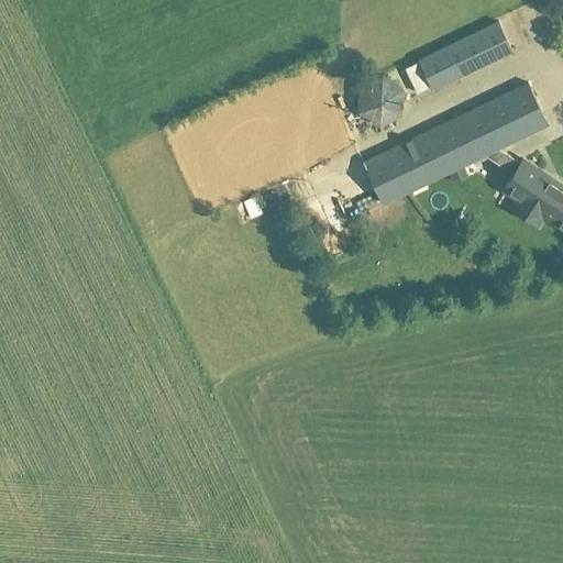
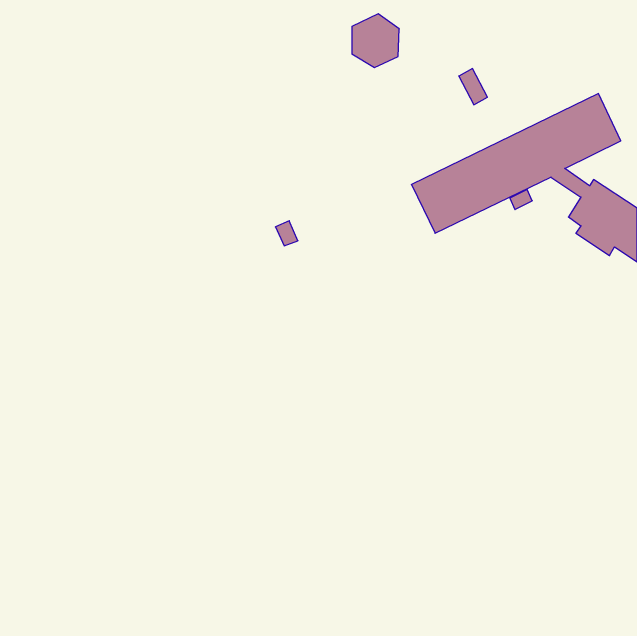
building: [419,21,512,90] -> none
building: [360,77,401,124] -> [352,14,399,68]

